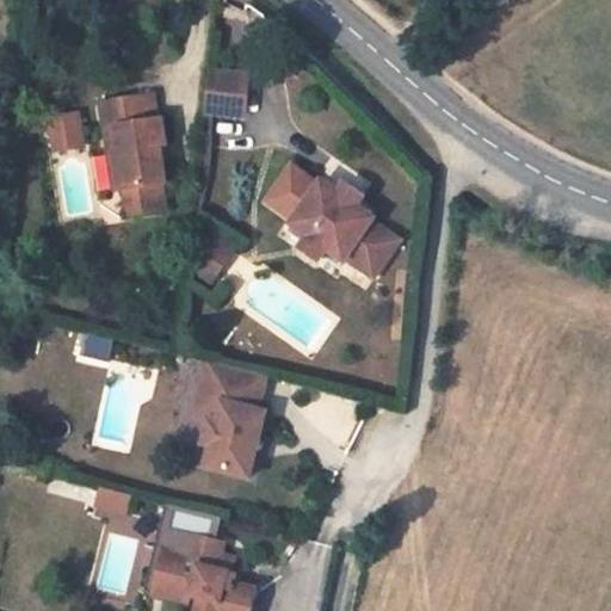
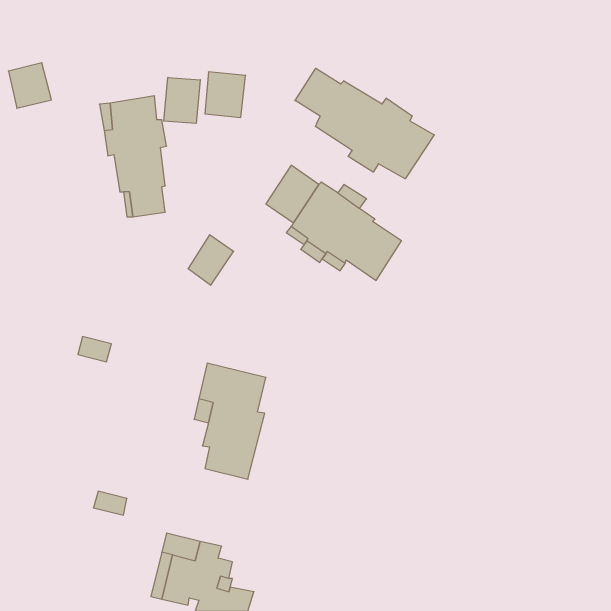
building: none -> [295,68,434,179]
building: none -> [164,77,200,123]
building: [44,106,87,152] -> [8,63,51,108]

